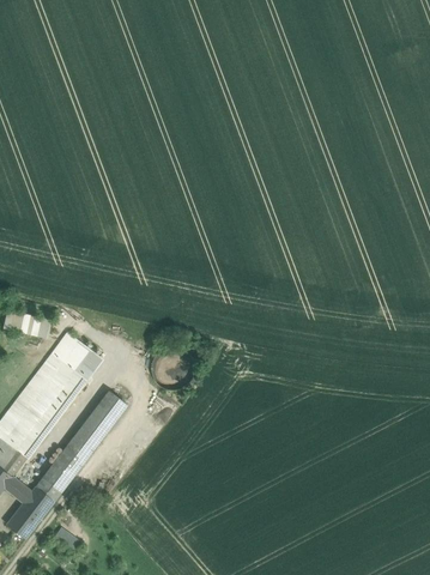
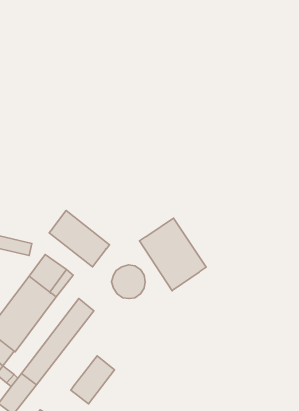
building: none -> [49,210,110,267]
building: none -> [140,218,206,291]
building: none -> [71,356,115,404]

